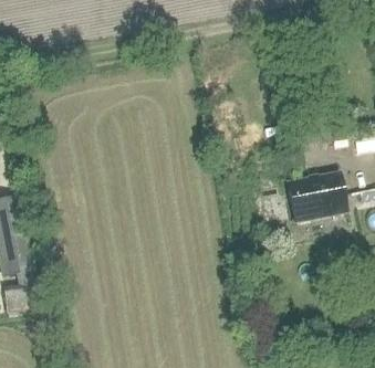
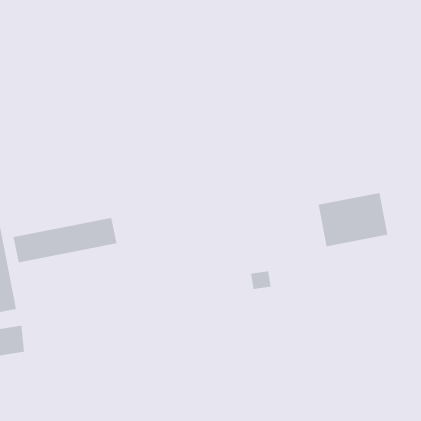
building: none -> [13,217,117,263]

